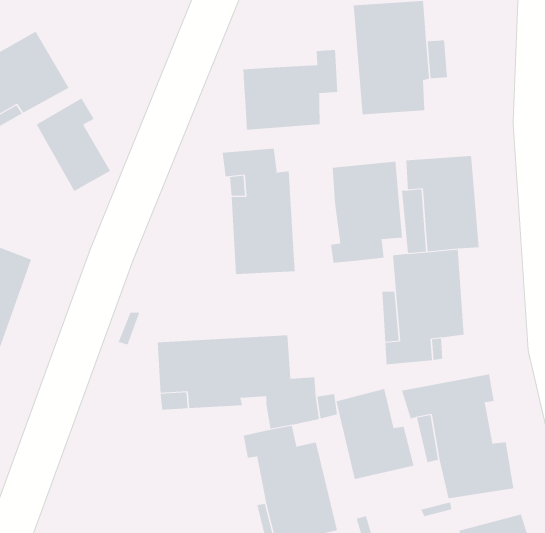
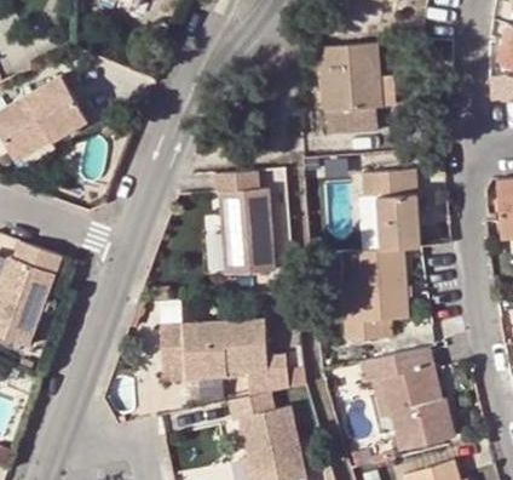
building: [243,49,338,130] -> none
building: [36,98,111,192] -> none
building: [331,161,402,264] -> none
building: [336,388,414,480] -> none

